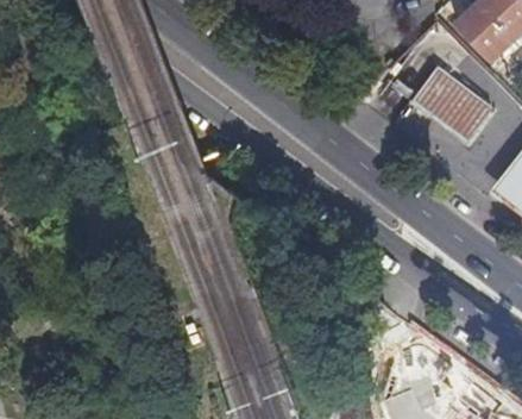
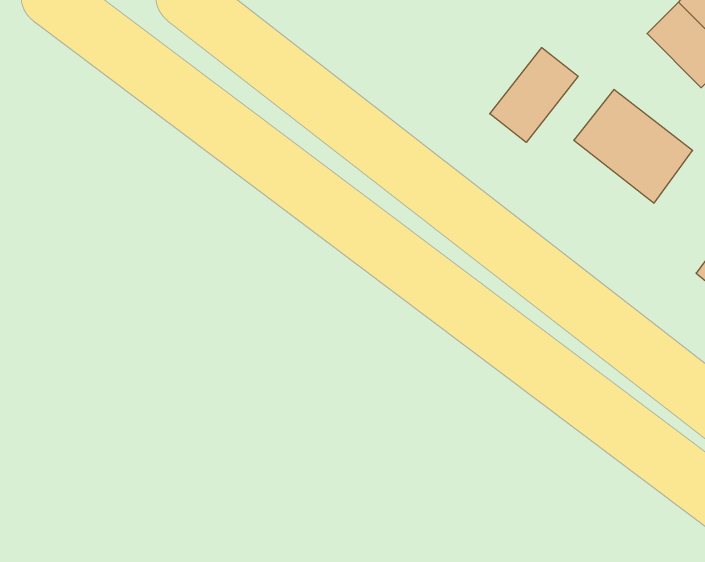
building: none -> [490,48,578,142]

